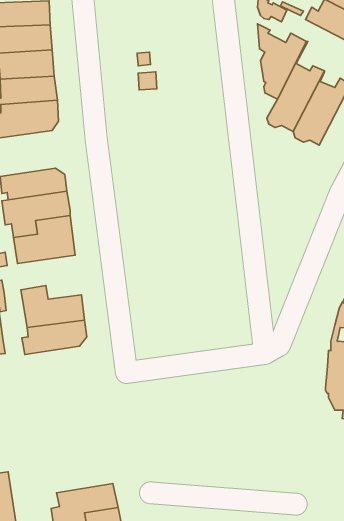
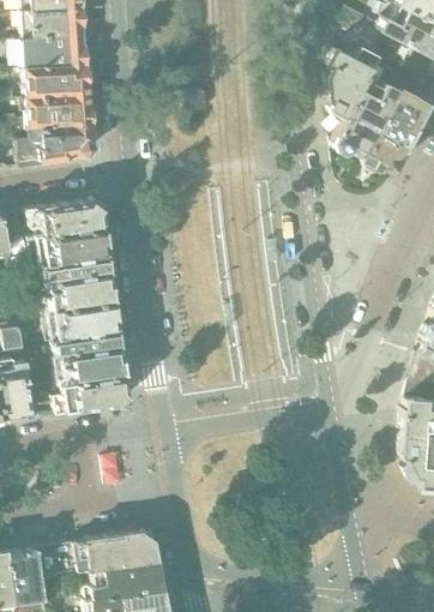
building: none -> [49,299,122,349]
building: none -> [43,532,158,578]

